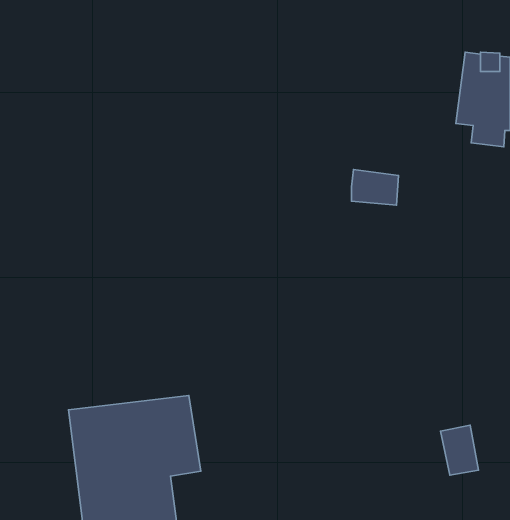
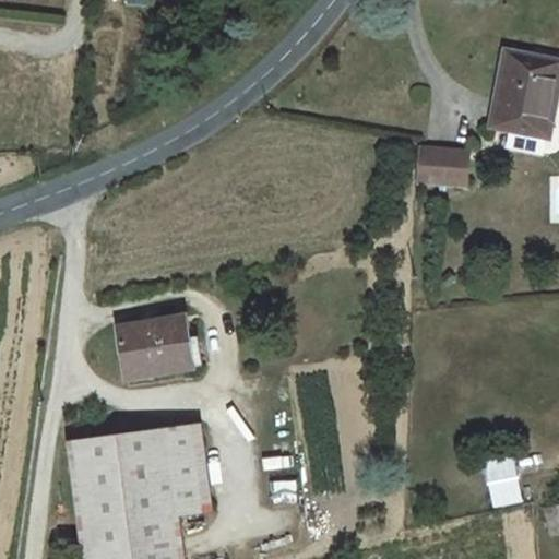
building: [352,169,398,205] -> [411,139,461,177]
building: none -> [118,314,187,377]

